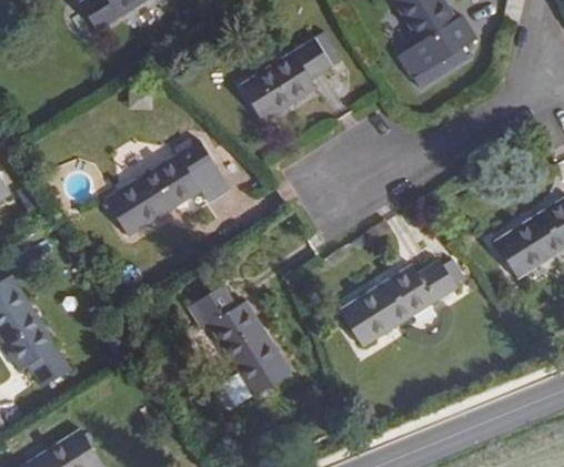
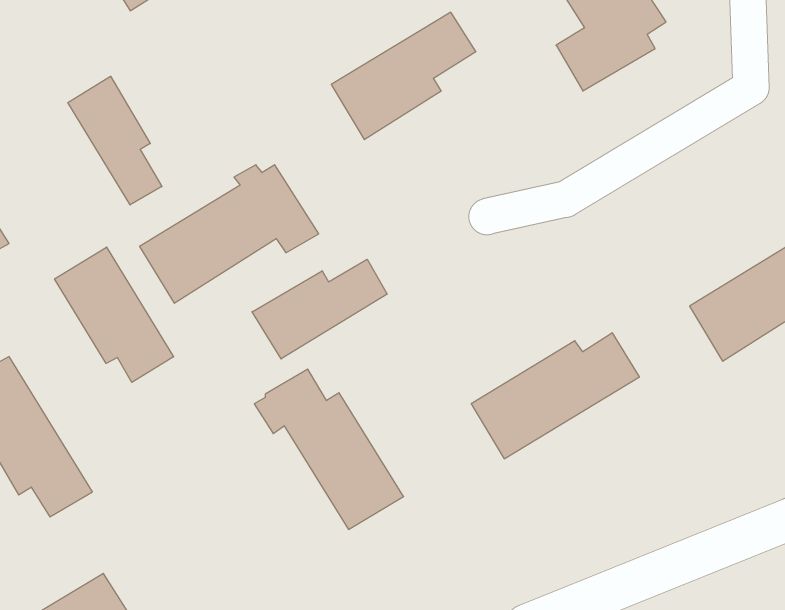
building: none -> [68,76,162,205]
building: none -> [55,247,174,382]
building: none -> [252,259,387,359]

